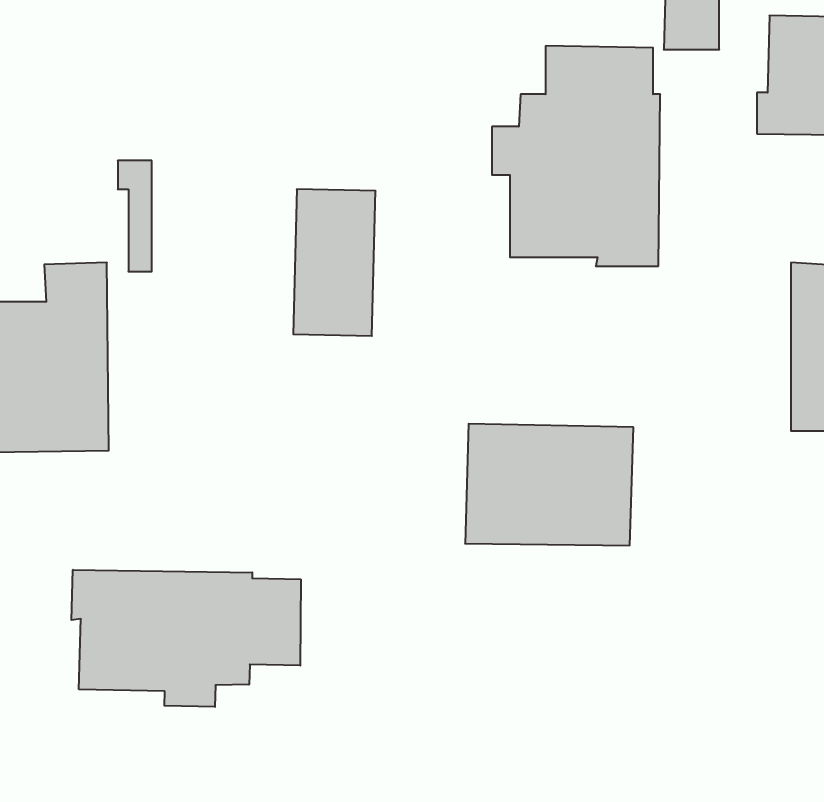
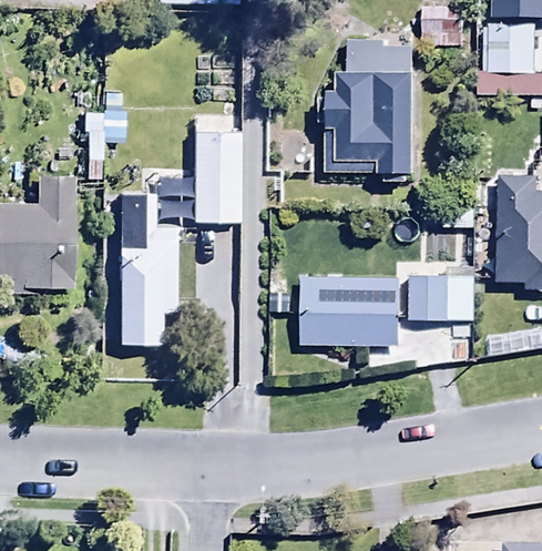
building: none -> [119,191,173,340]
building: none -> [409,276,472,322]
building: [71,570,301,707] -> none

